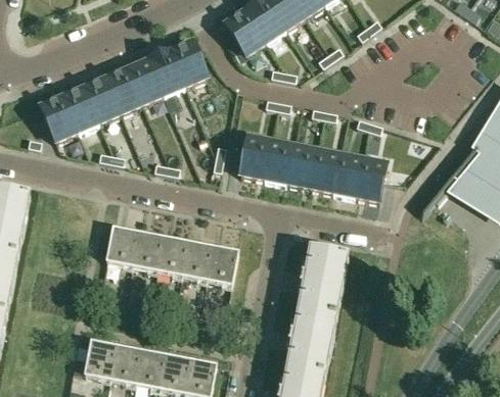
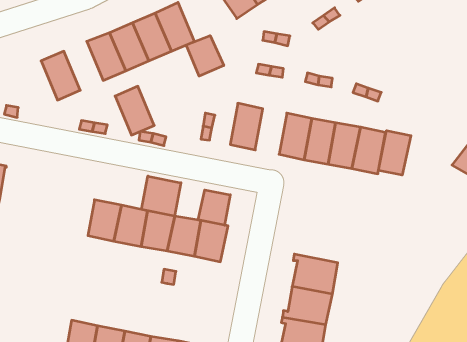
building: none -> [186,36,224,76]
building: [84,77,121,122] -> [115,86,154,135]
building: [40,95,78,141] -> none
building: [264,140,293,183] -> none
building: none -> [379,131,411,175]
building: none -> [142,176,181,216]
building: none -> [198,190,230,225]
building: [301,248,348,285] -> none

